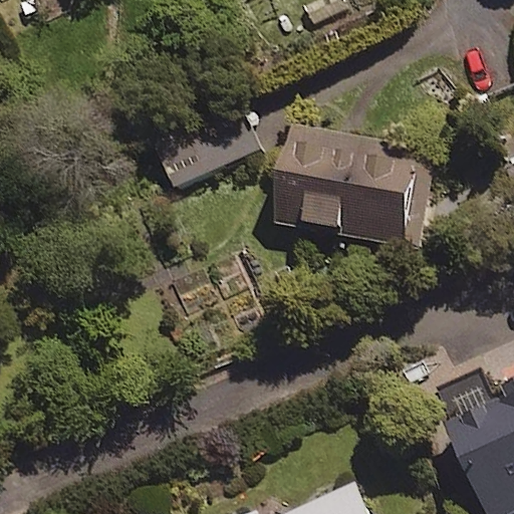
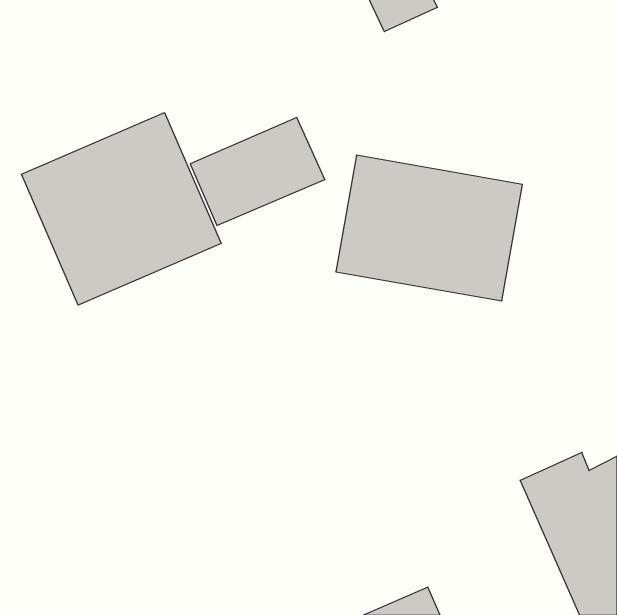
building: none -> [22,113,221,305]

